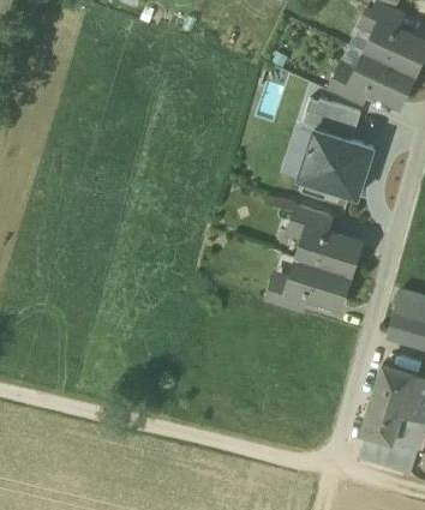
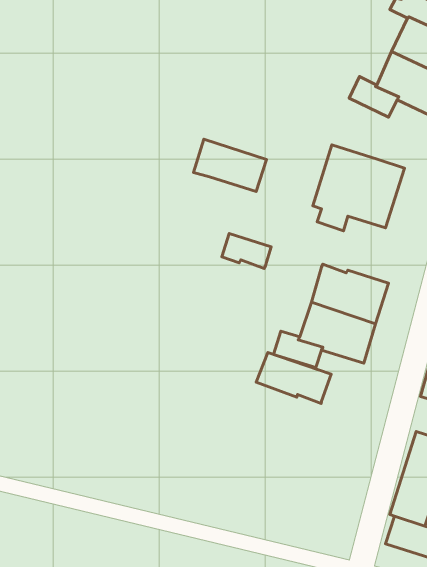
building: [300,96,360,139] -> [194,139,266,192]
building: [291,204,331,233] -> [222,234,271,269]
building: none -> [256,353,331,404]

